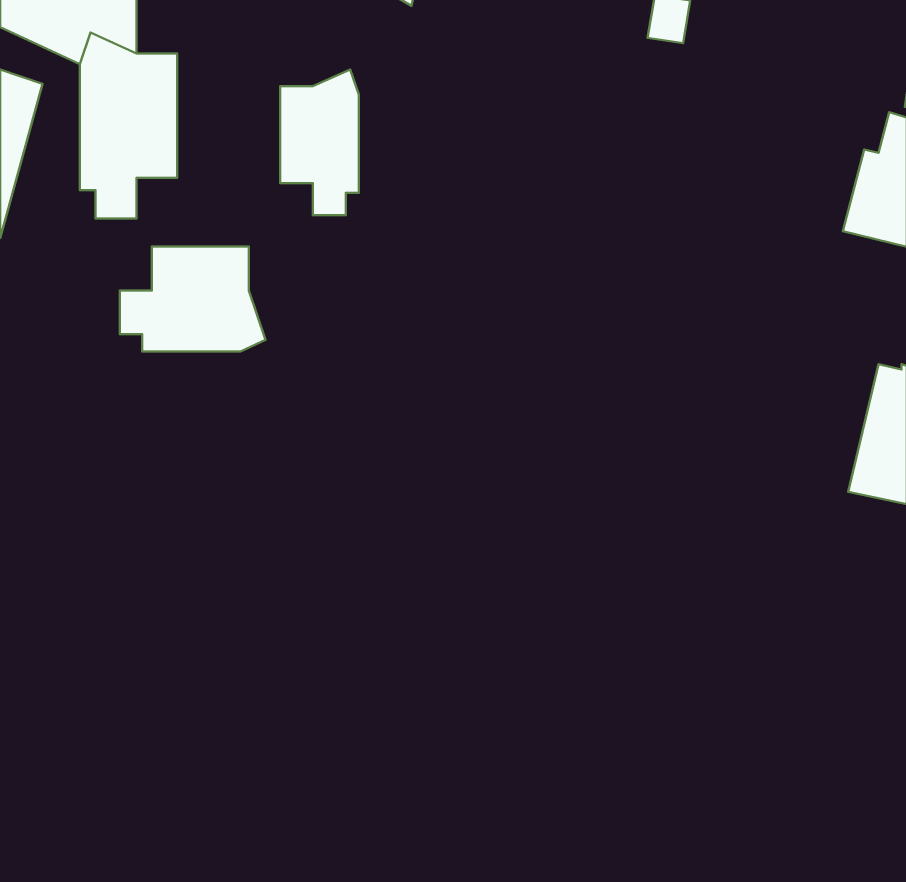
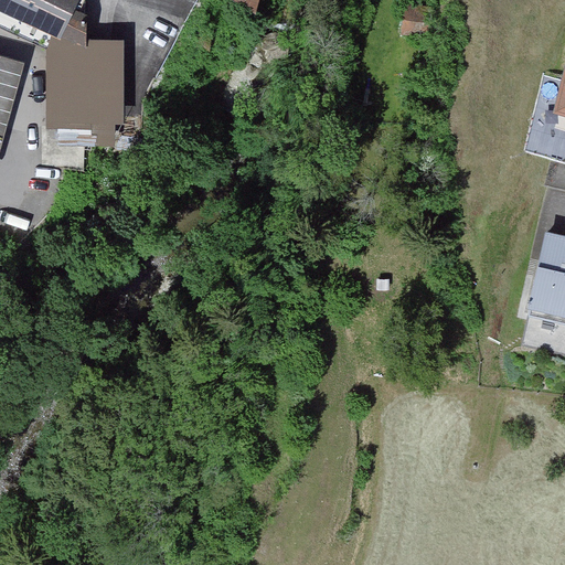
building: [280,70,359,215] -> none
building: [120,247,266,351] -> none

